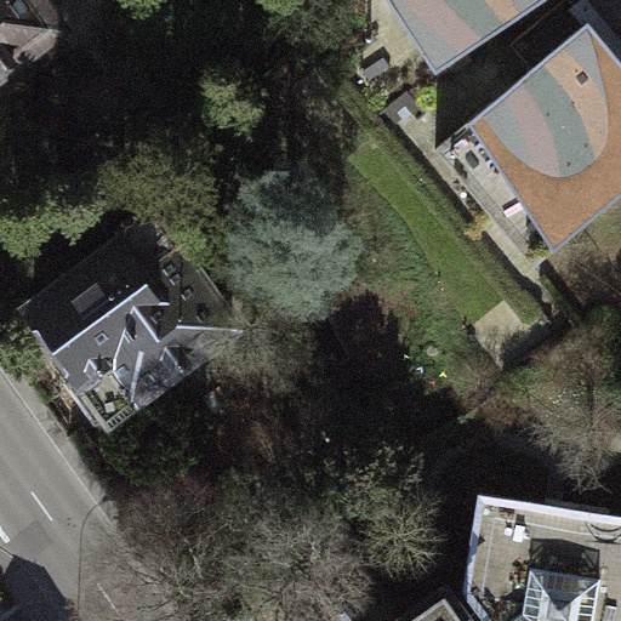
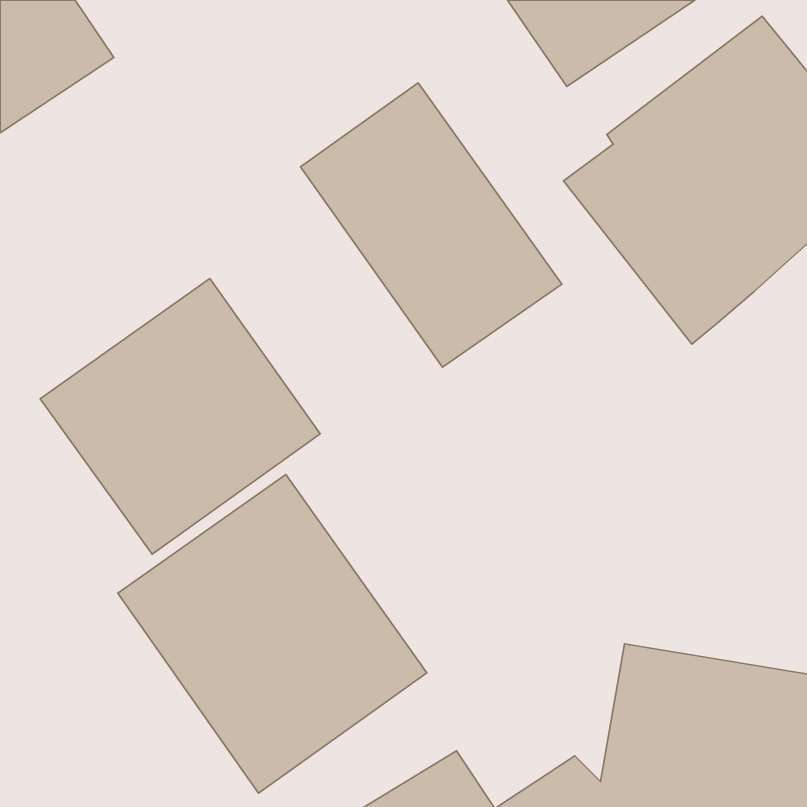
building: none -> [300,83,562,367]
building: none -> [118,475,427,793]

